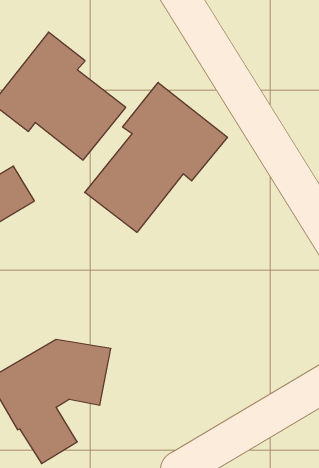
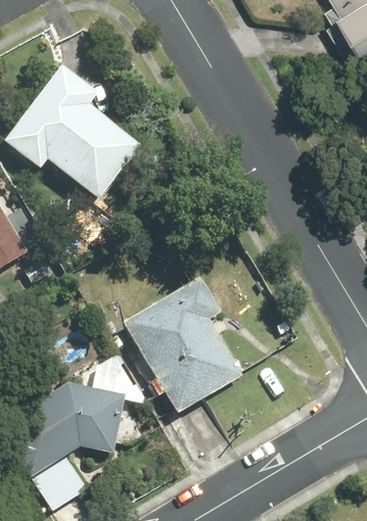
building: [85,82,227,232] -> none
building: none -> [121,275,241,413]

